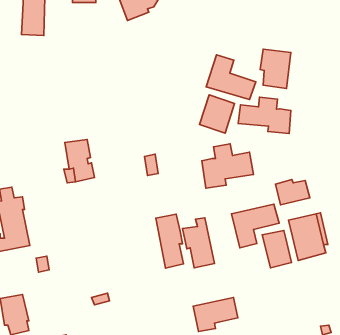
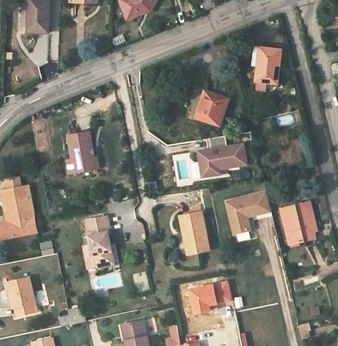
building: [206,55,256,100] -> none
building: [238,97,291,134] -> none
building: [276,180,310,205] -> none
building: [156,214,184,268] -> [84,216,110,267]
building: [262,230,292,268] -> none

